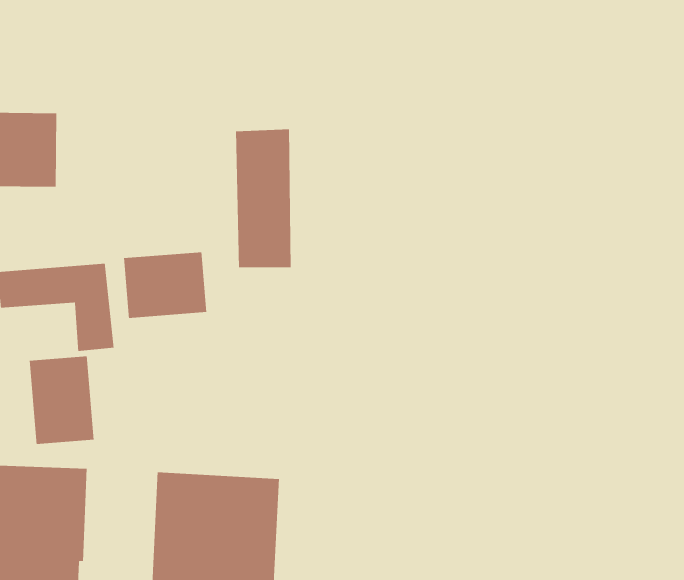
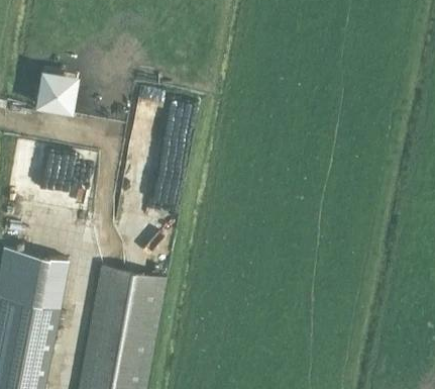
building: [123,251,207,319] -> none
building: [29,355,94,445] -> none

